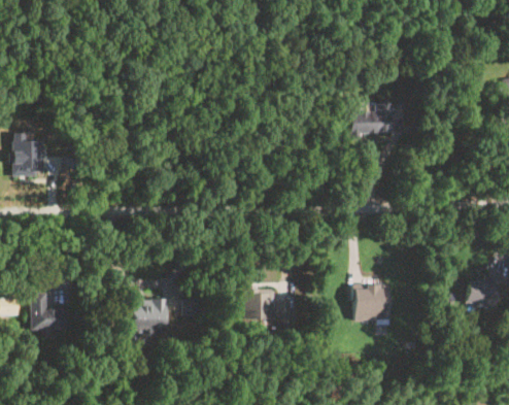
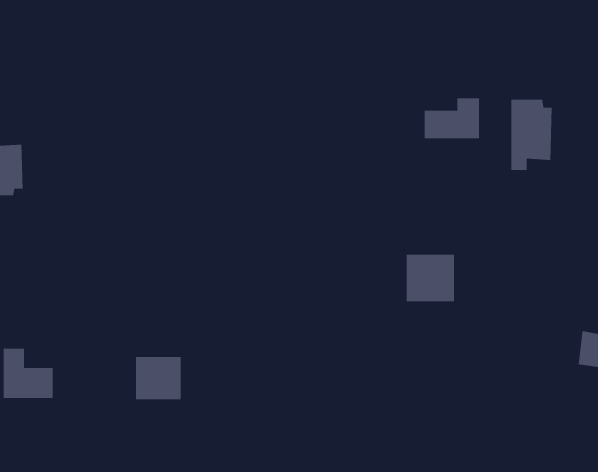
building: none -> [511,99,552,171]
building: [352,284,389,320] -> [406,254,455,302]
building: [244,288,291,325] -> none

